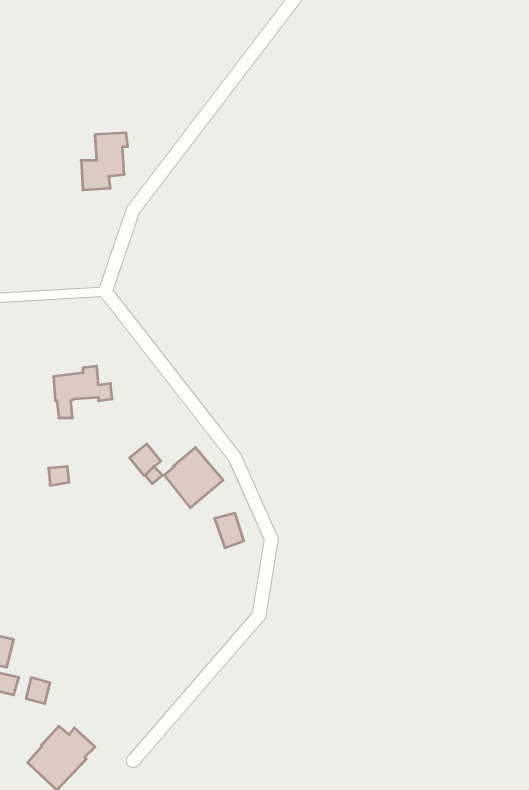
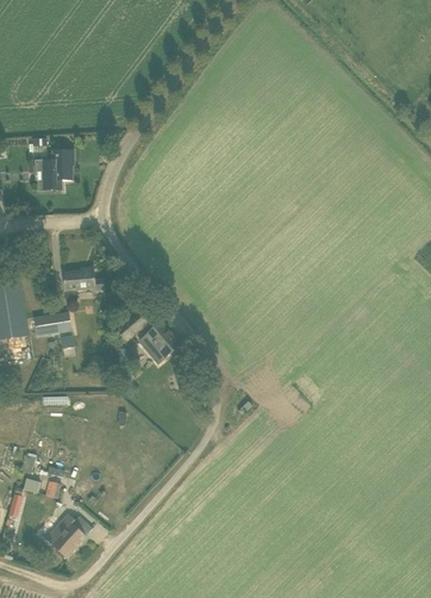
building: [81,133,128,190] -> [42,150,74,189]
building: none -> [33,311,71,336]

